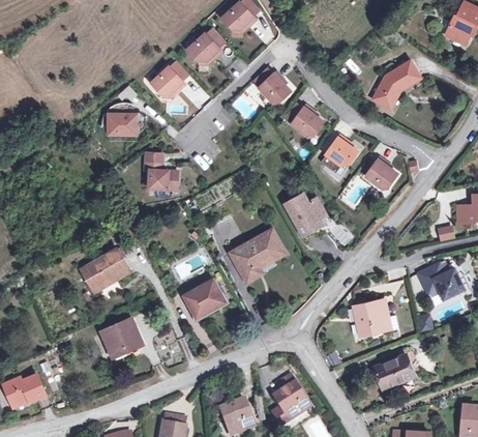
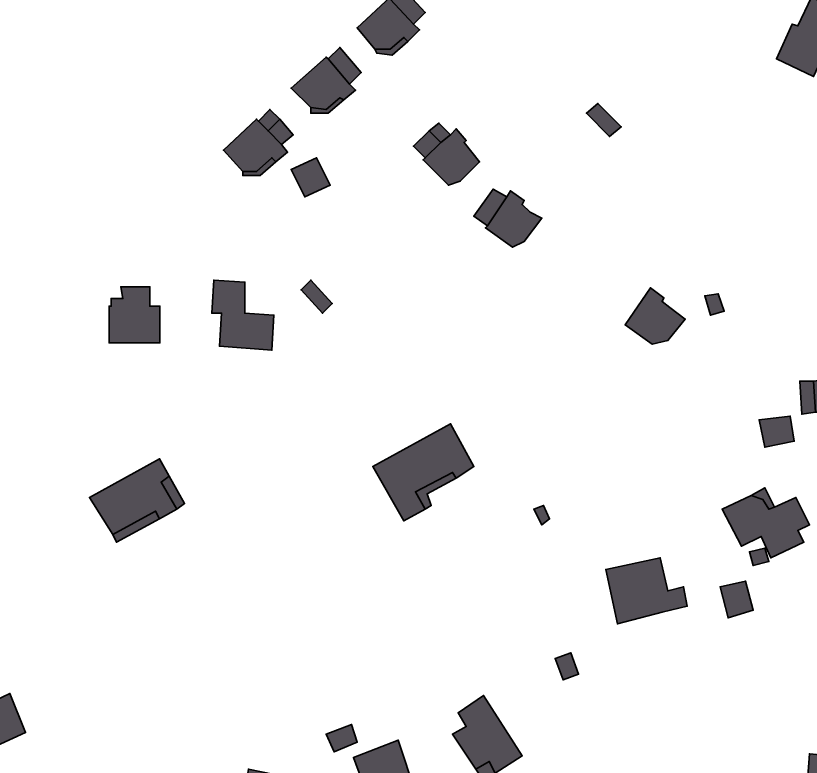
building: [372,61,420,108] -> none
building: [110,100,137,130] -> [109,287,160,343]
building: [325,135,356,165] -> none
building: [286,195,325,234] -> none
building: [183,279,225,317] -> none
building: [101,318,141,360] -> none
building: [372,354,414,389] -> none

